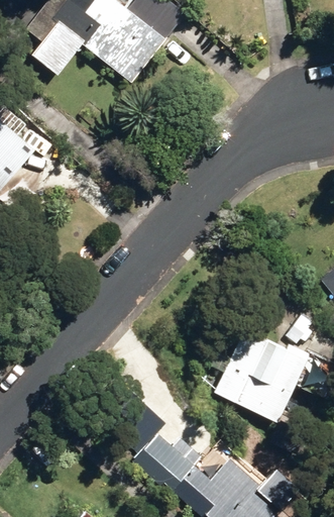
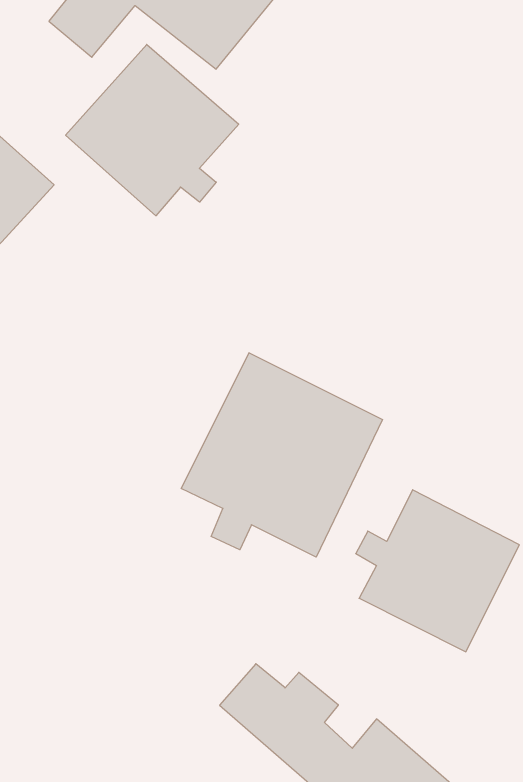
building: none -> [66,44,239,216]
building: none -> [181,353,383,557]

